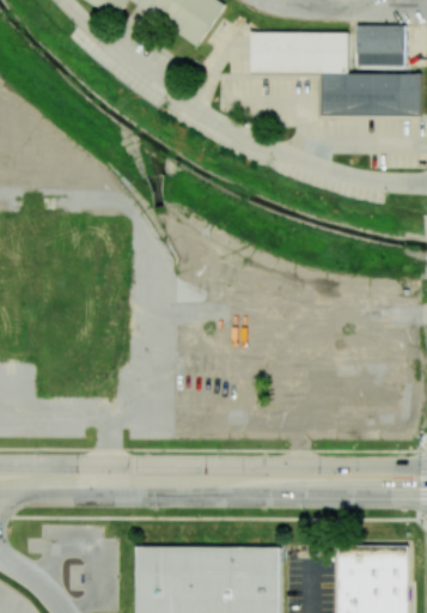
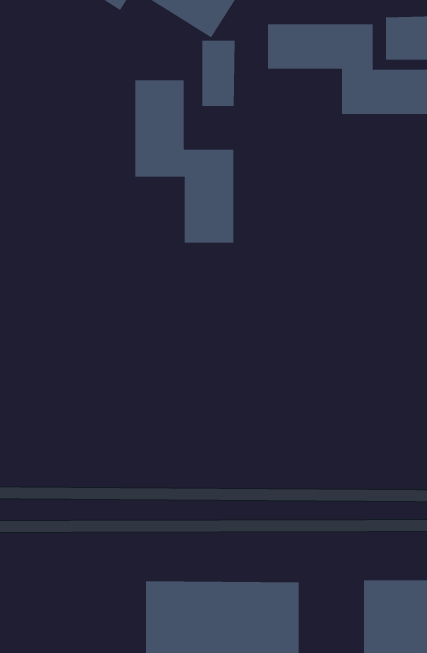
building: none -> [202,40,235,107]
building: none -> [135,80,234,243]

